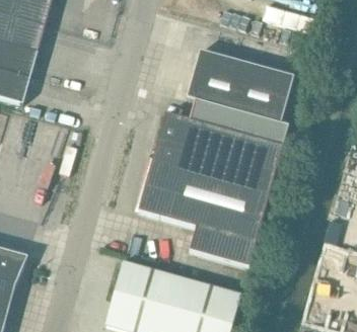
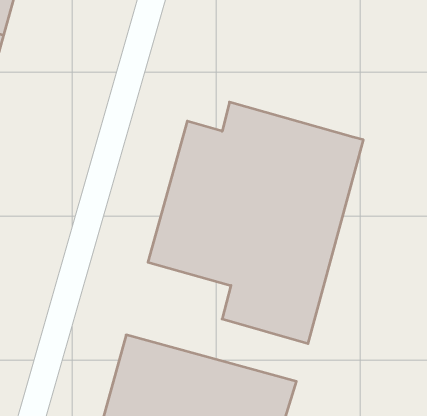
building: [187,50,293,122] -> none

